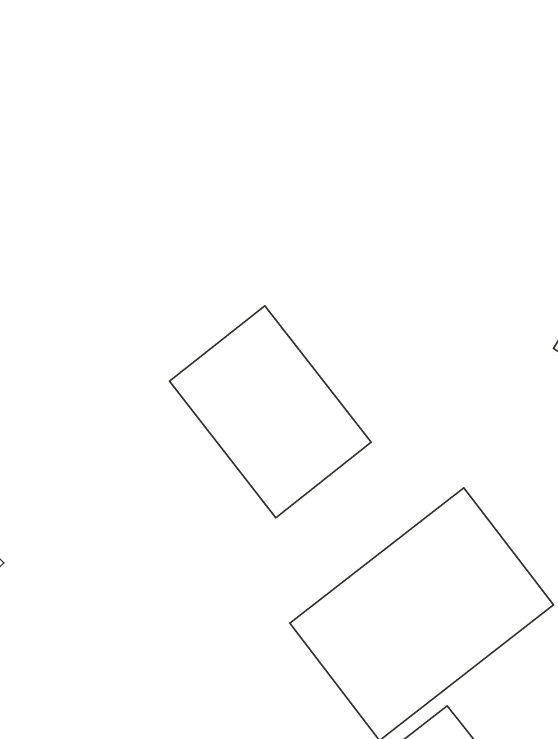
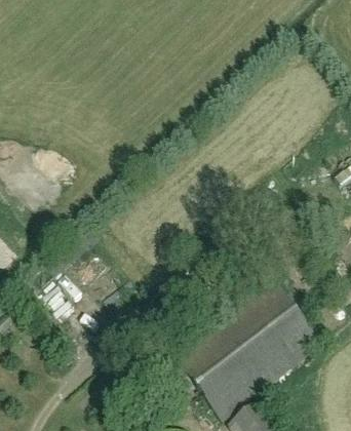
building: [170,306,371,518] -> none

